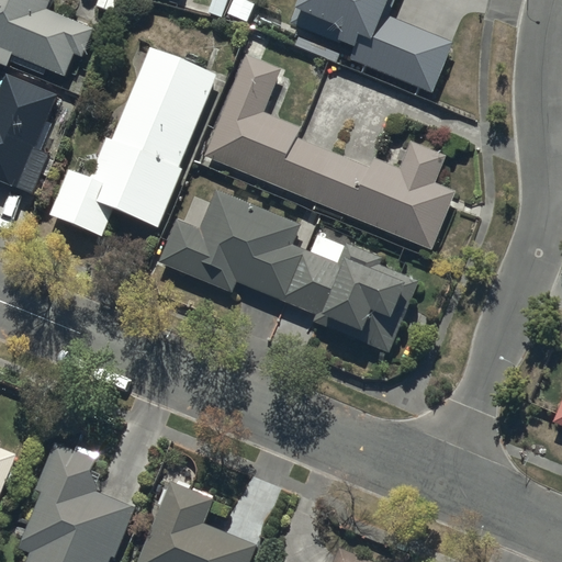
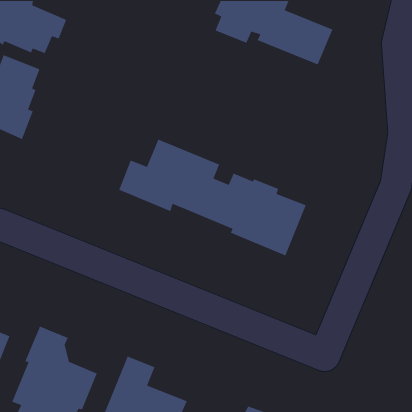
building: [50,46,214,235] -> none
building: [203,54,454,248] -> none

